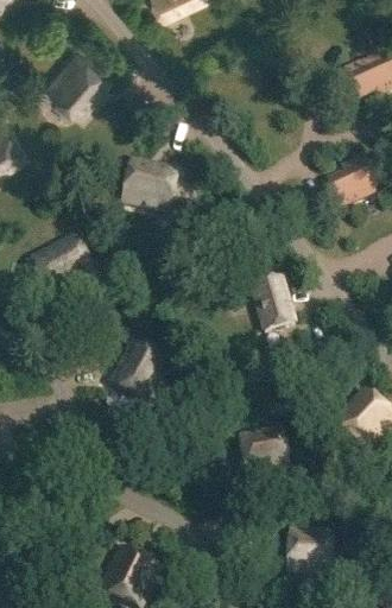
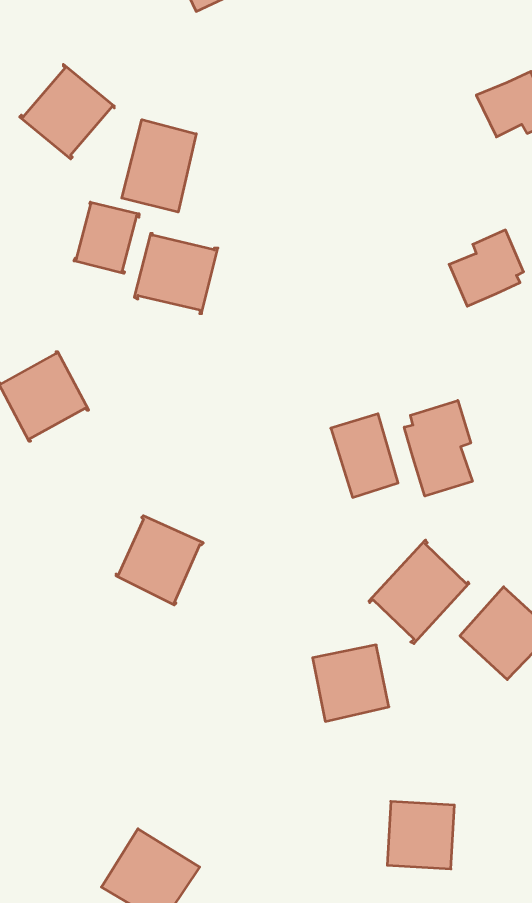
building: none -> [122,120,196,212]
building: none -> [74,202,139,273]
building: none -> [404,400,472,496]
building: none -> [369,540,469,644]

